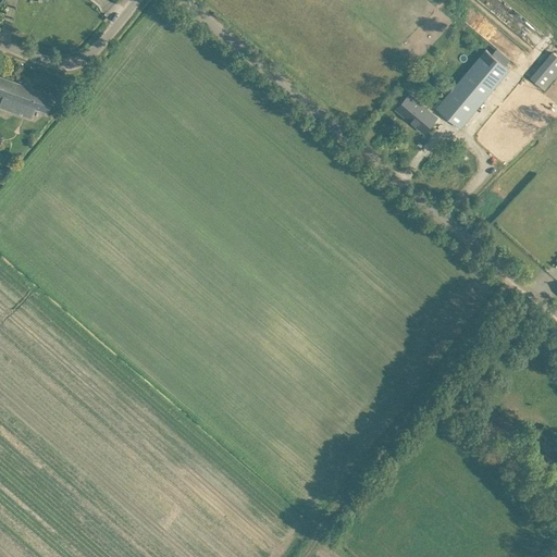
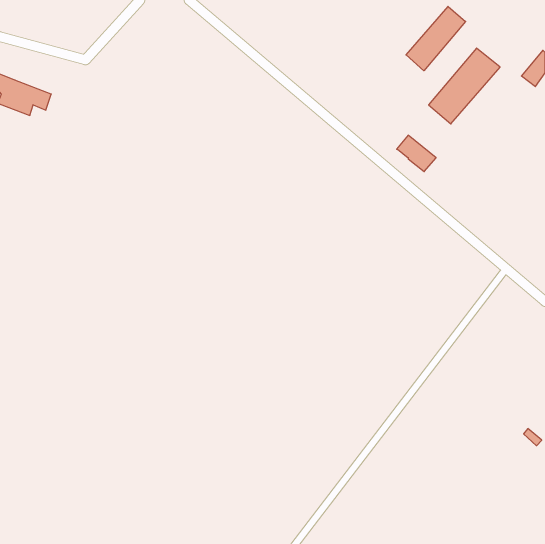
building: none -> [406,6,466,71]
building: [396,96,436,133] -> [397,135,436,172]

